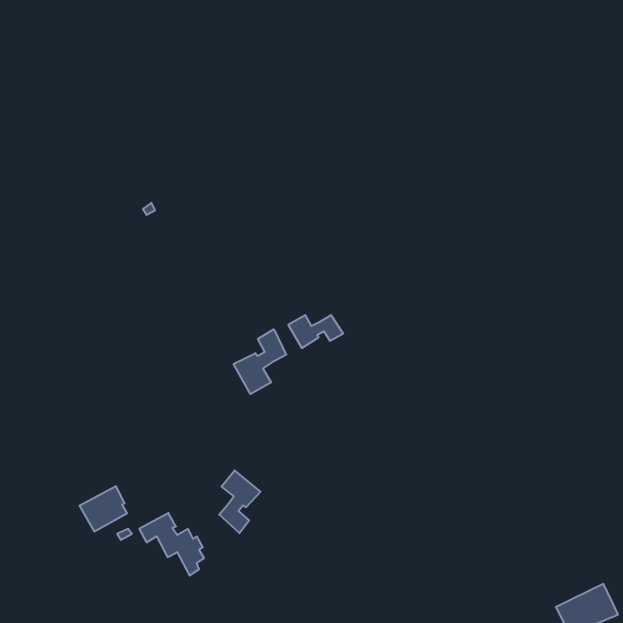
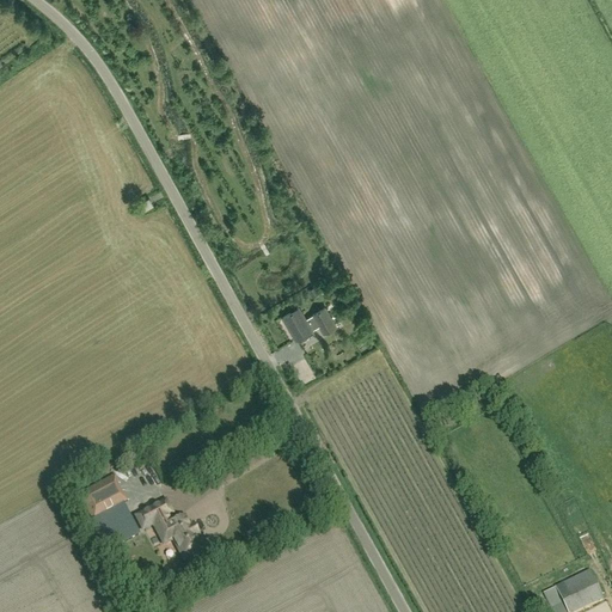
building: [234,329,286,394] -> none
building: [219,470,260,533] -> none

